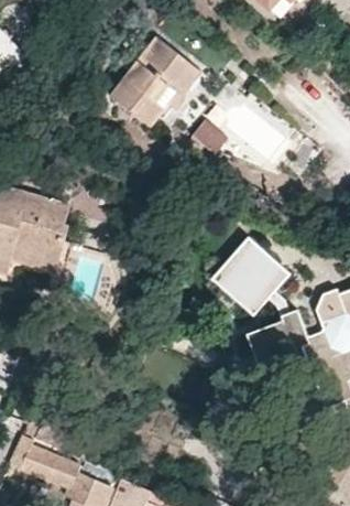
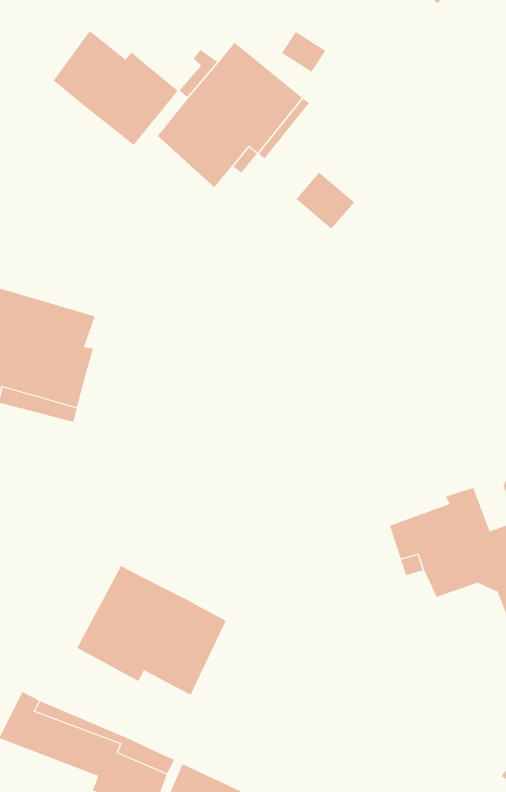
building: none -> [53,30,178,146]
building: [211,236,292,316] -> none
building: none -> [76,565,226,696]

